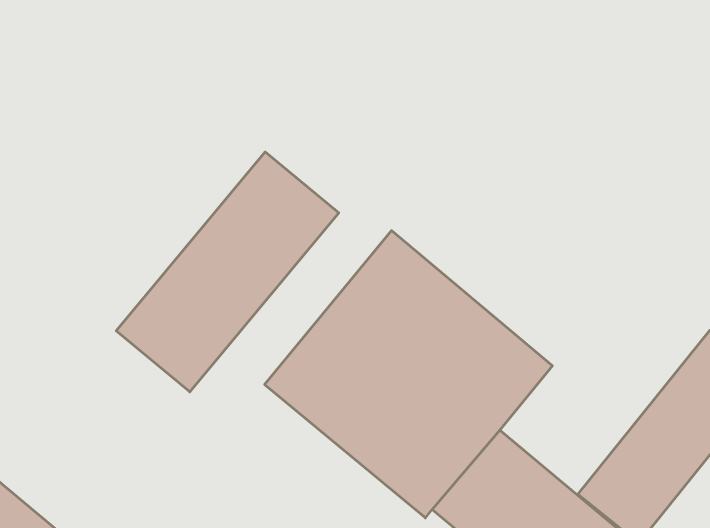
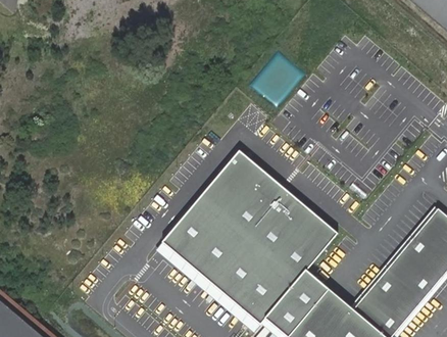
building: [116,152,339,392] -> none

